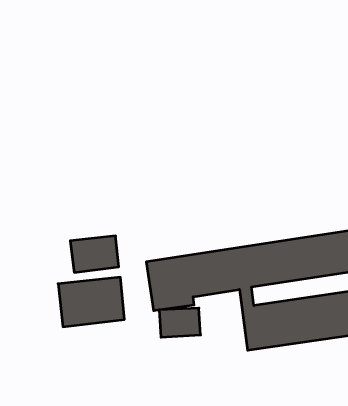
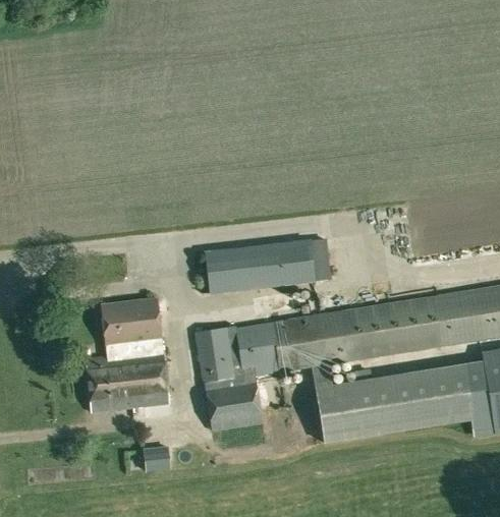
building: none -> [205,240,317,295]
building: none -> [145,447,171,472]

